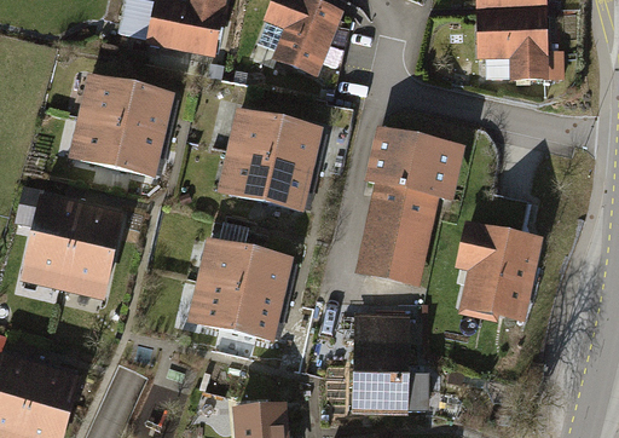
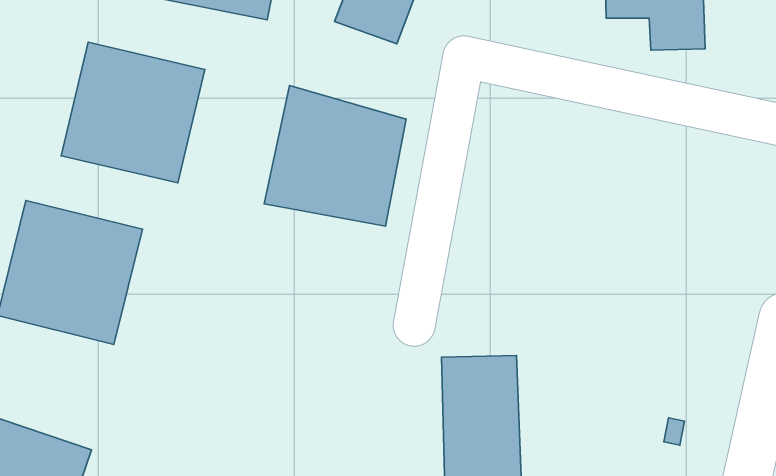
building: [358,126,463,284] -> none
building: [456,224,527,312] -> none
building: [187,236,294,340] -> none

